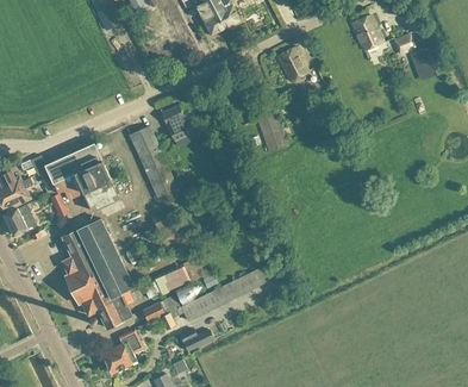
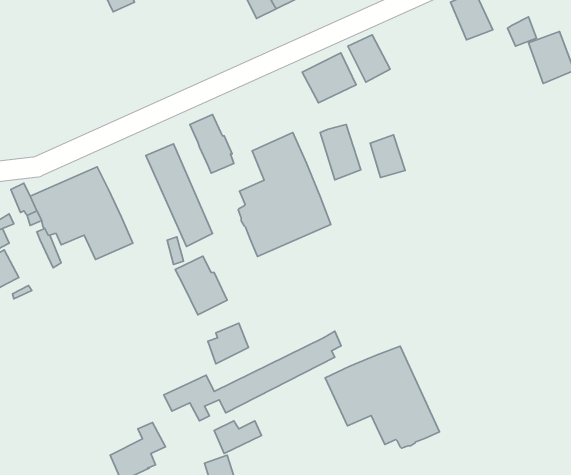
building: none -> [302,53,356,103]
building: none -> [238,133,331,257]
building: none -> [370,135,405,178]
building: [62,219,133,329] -> none
building: none -> [325,346,440,448]

